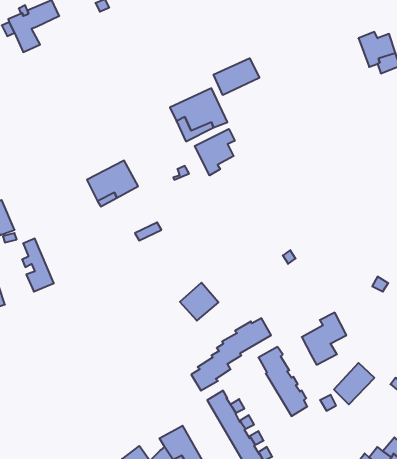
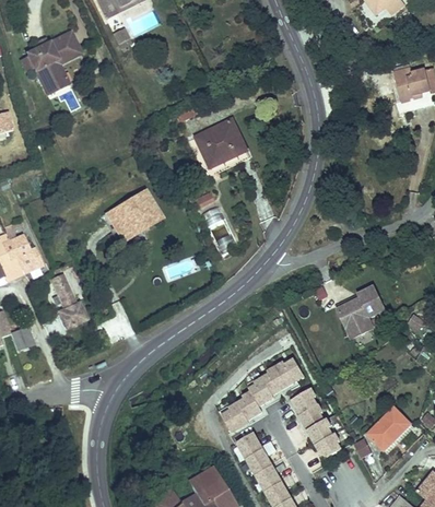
building: none -> [48,47,87,92]
building: [214,58,259,95] -> none
building: [195,129,235,175] -> none
building: [180,283,218,321] -> none
building: [302,313,346,365] -> [338,287,384,341]

